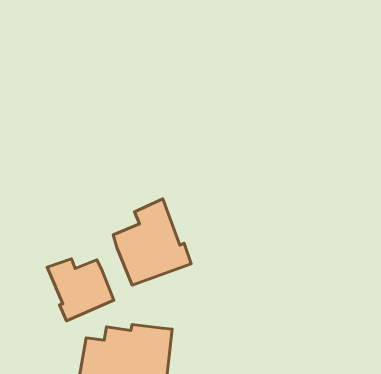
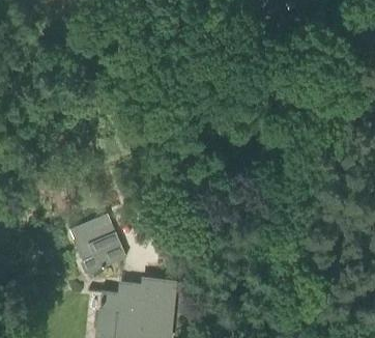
building: [113,199,191,285] -> none

